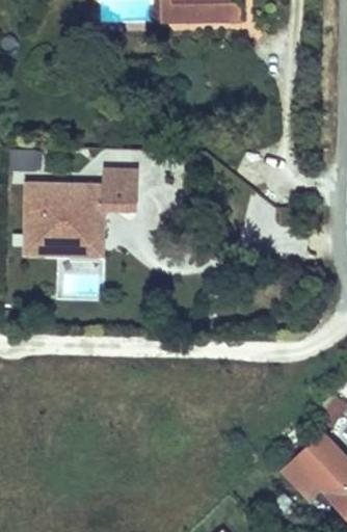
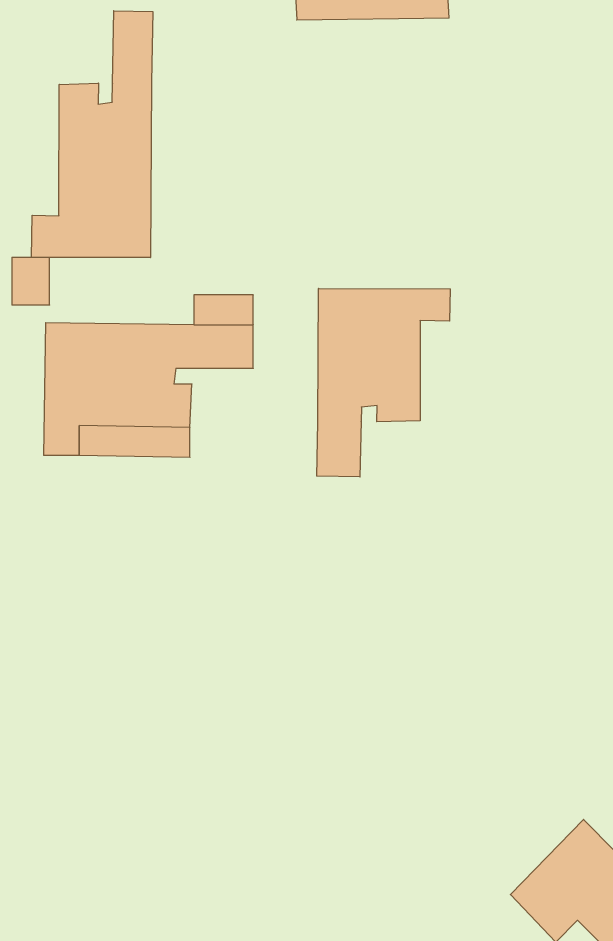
building: none -> [32,11,153,258]
building: none -> [317,288,450,477]

